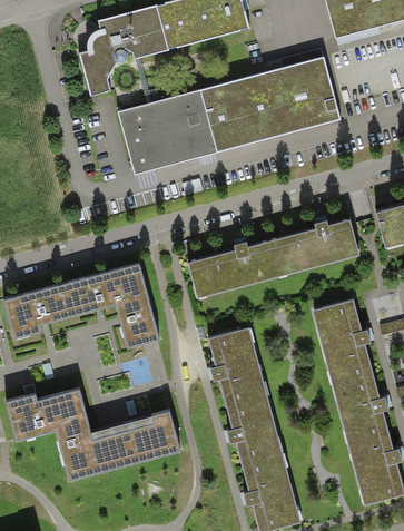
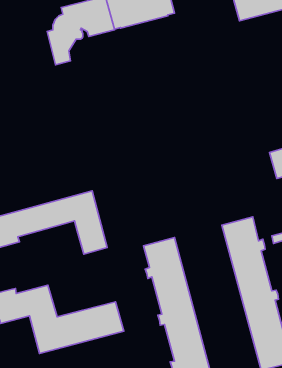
building: [119,56,342,174] -> none
building: [188,219,358,297] -> none

